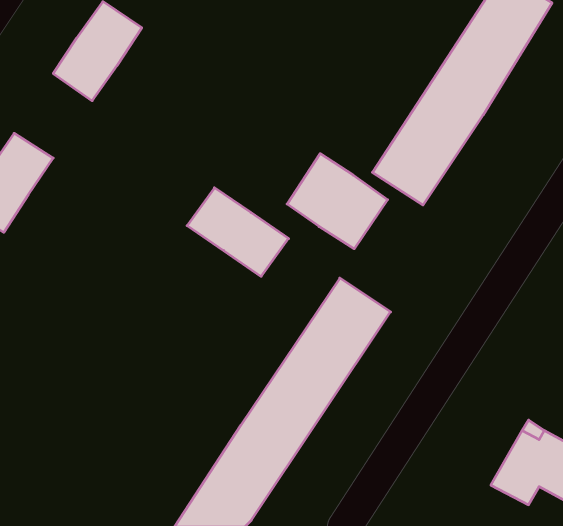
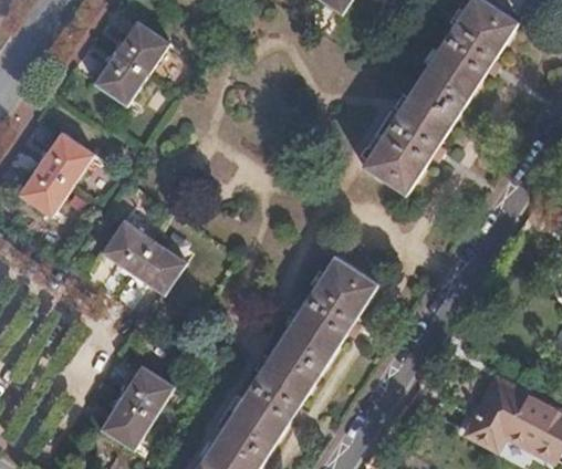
building: [287,154,388,249] -> none
building: [187,188,289,276] -> [100,219,186,294]
building: none -> [98,365,171,448]

